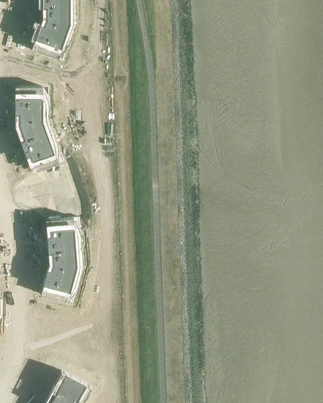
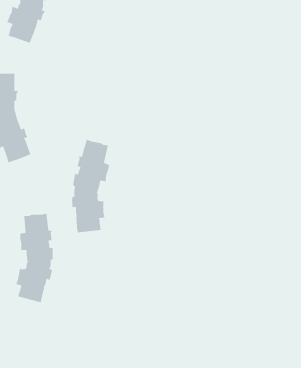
building: none -> [71,139,110,233]

